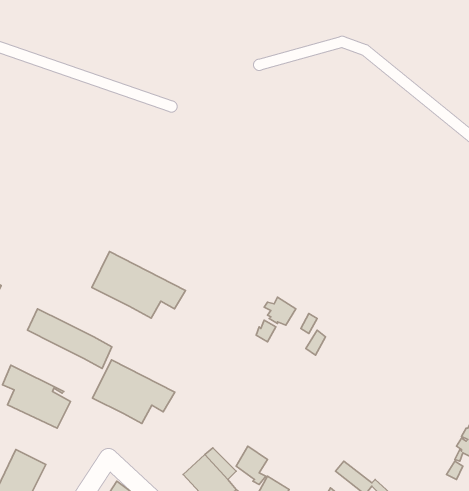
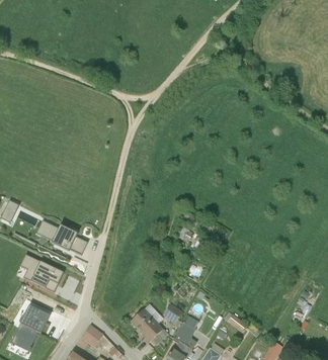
building: [92,252,186,318] -> none
building: [92,360,175,423] -> none

